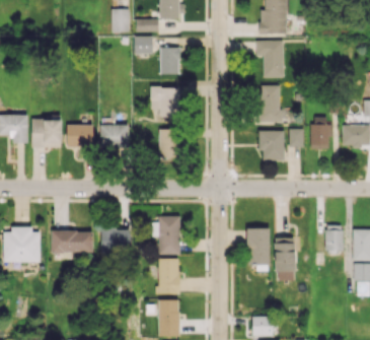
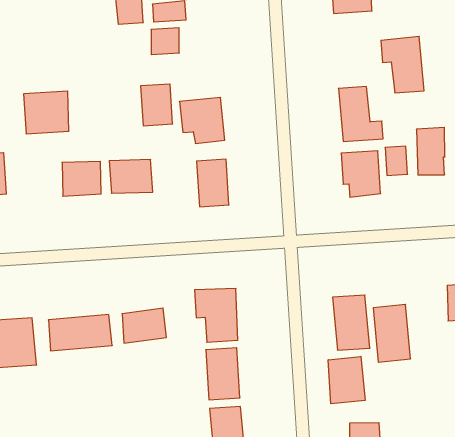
building: [256,40,284,77] -> [381,36,424,93]
building: [159,47,179,74] -> [141,84,173,126]
building: [31,120,62,147] -> [24,91,69,134]
building: none -> [328,356,365,404]

